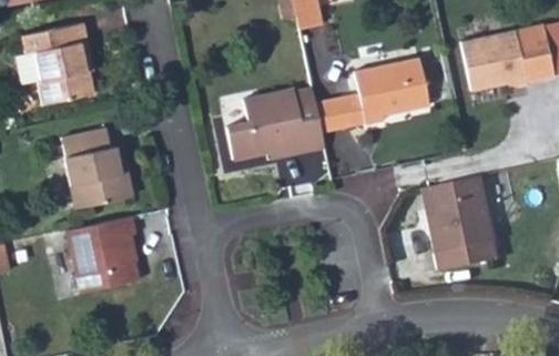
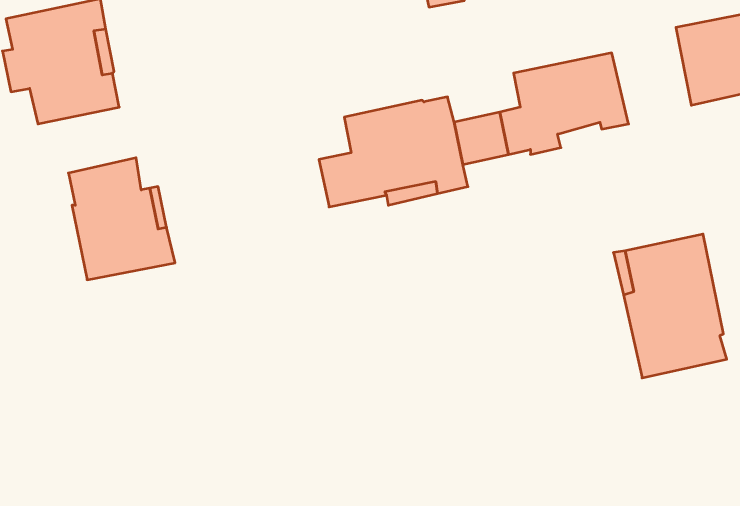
building: [68,216,139,291] -> none

